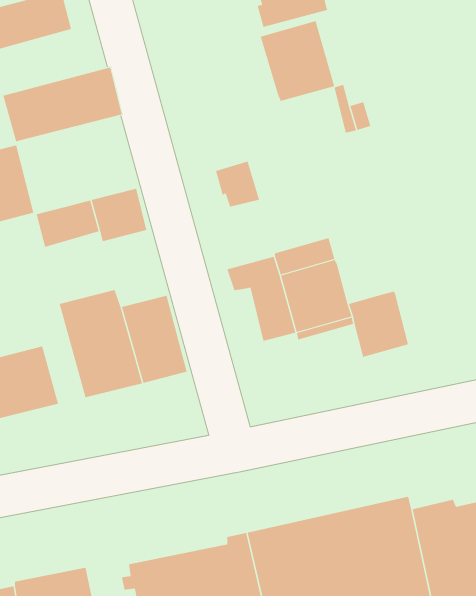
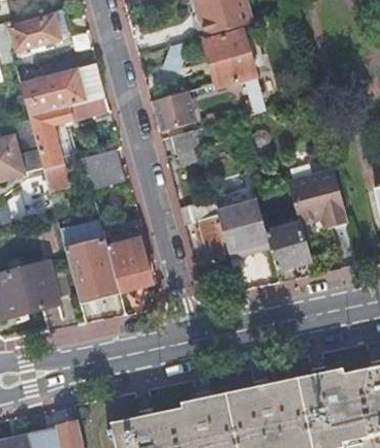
building: none -> [154,93,196,132]
building: none -> [29,99,108,170]
building: none -> [288,171,349,231]

